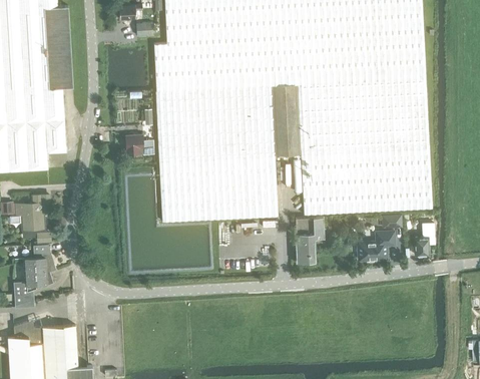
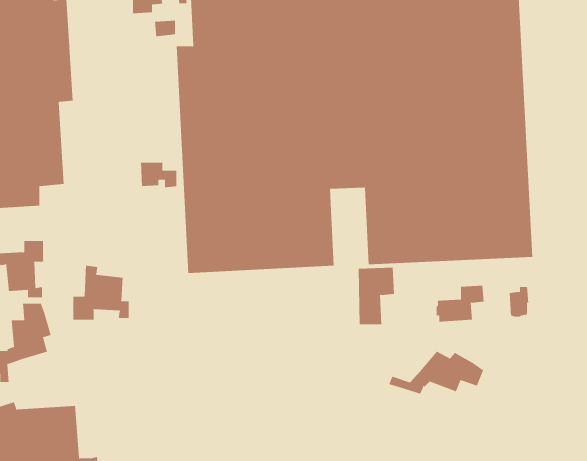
building: none -> [73,265,129,320]
building: none -> [389,351,484,395]

